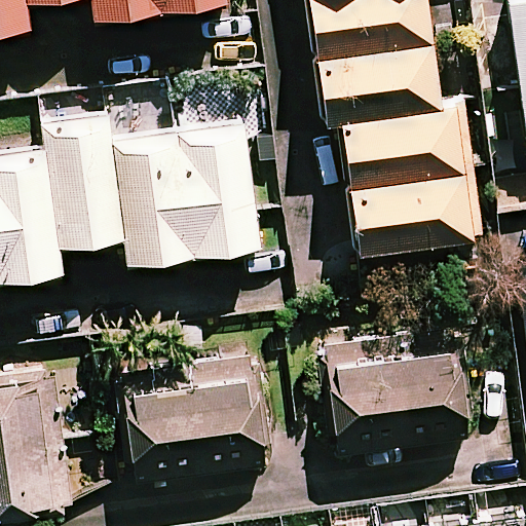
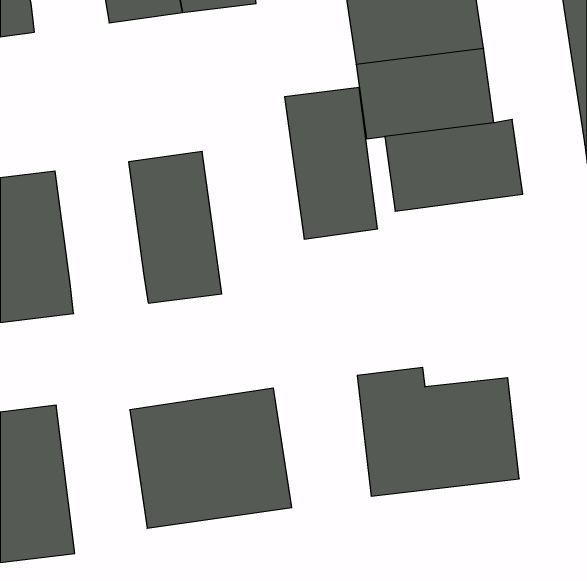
building: [46,120,128,254] -> none
building: [181,127,264,263] -> [285,88,378,239]
building: [353,174,476,256] -> none

